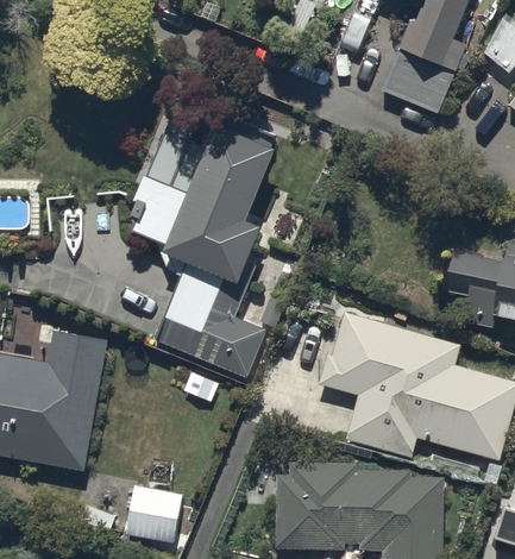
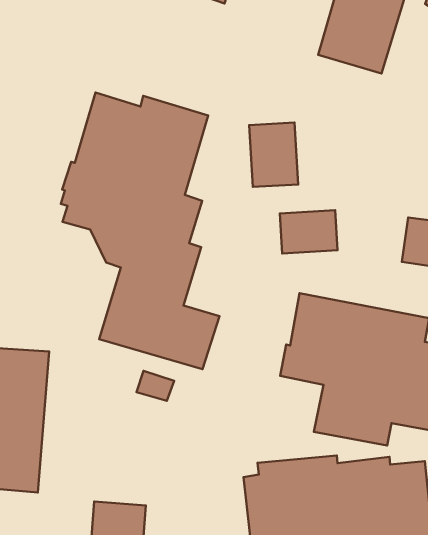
building: none -> [249,123,298,187]
building: none -> [280,210,337,254]

